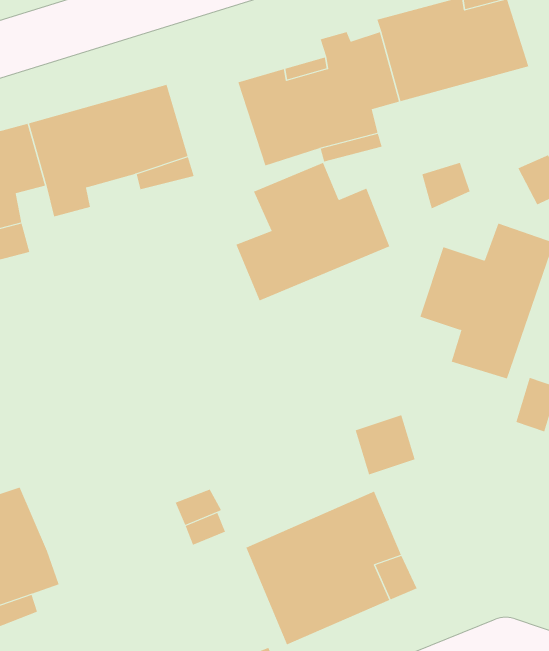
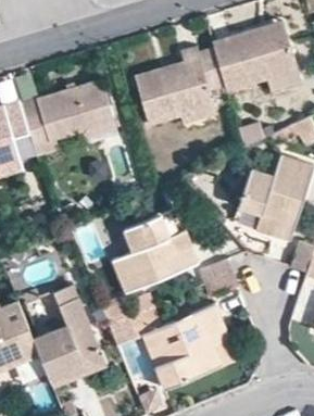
building: [236,162,390,301] -> [112,216,198,293]
building: none -> [33,286,104,387]

